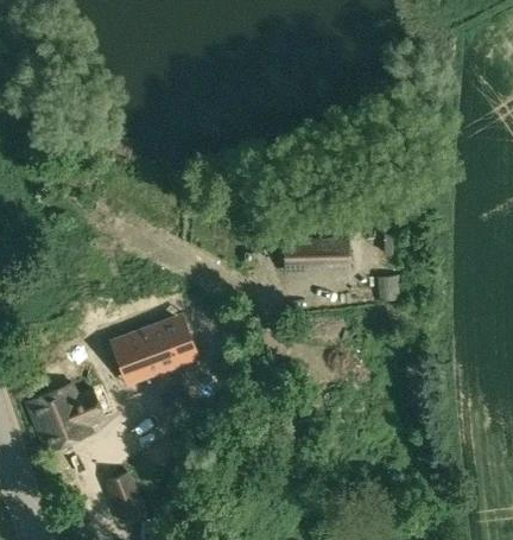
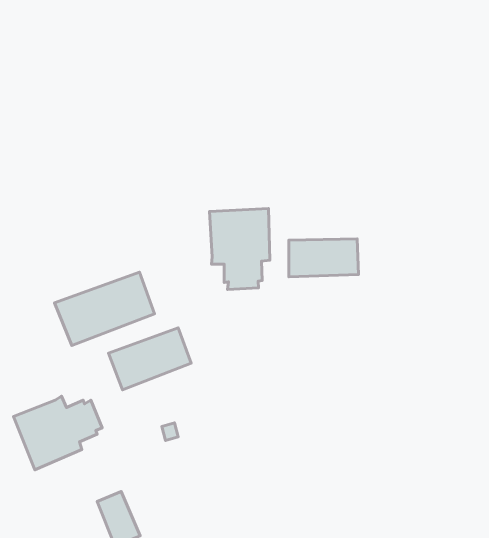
building: none -> [210,209,270,289]
building: none -> [55,272,155,345]

